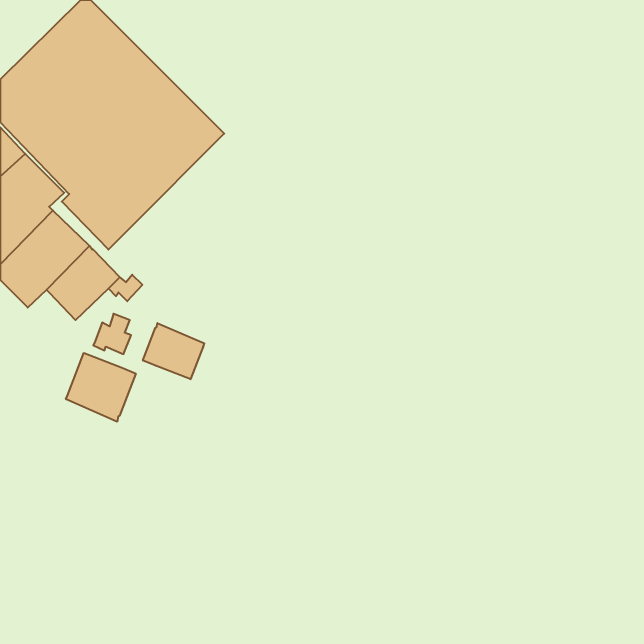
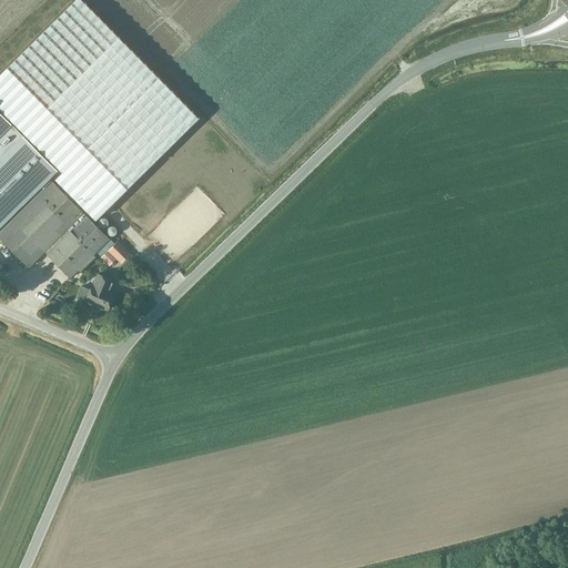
building: [143,323,204,379] -> none
building: [66,353,136,422] -> none

